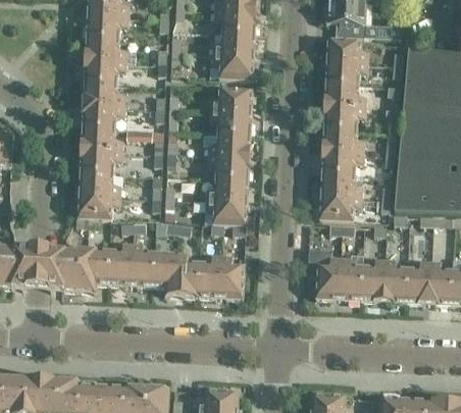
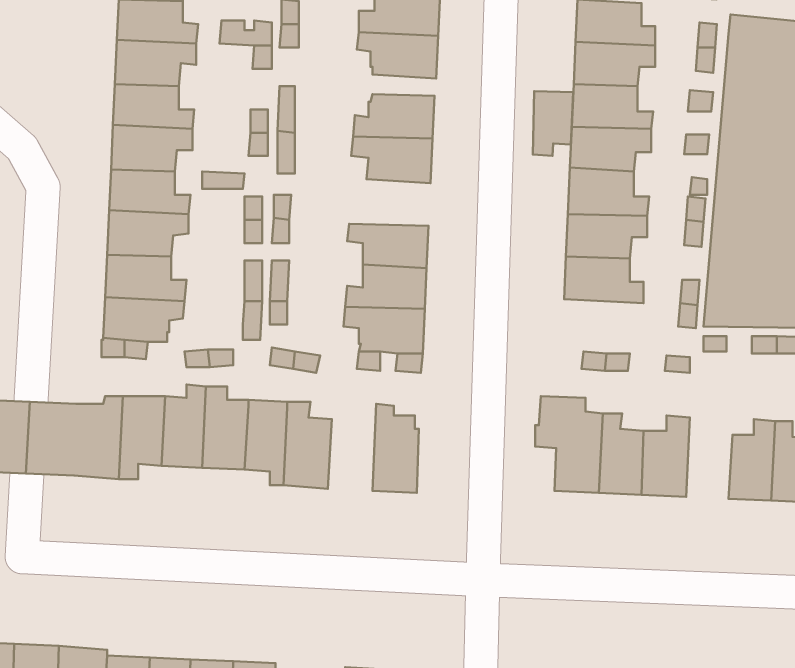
building: none -> [533,91,573,156]
building: [207,133,250,157] -> none
building: [319,196,362,220] -> none
building: [196,251,221,297] -> none
building: [385,258,409,301] -> none

